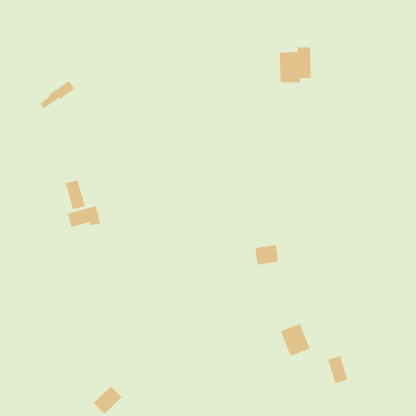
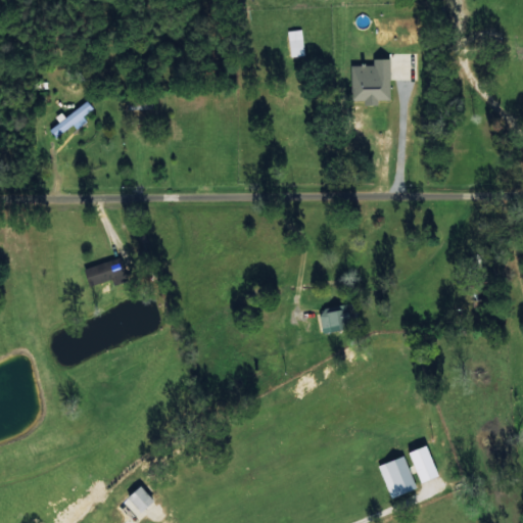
building: none -> [287,29,305,57]
building: [65,180,86,210] -> none
building: [280,323,311,357] -> [378,456,417,498]

